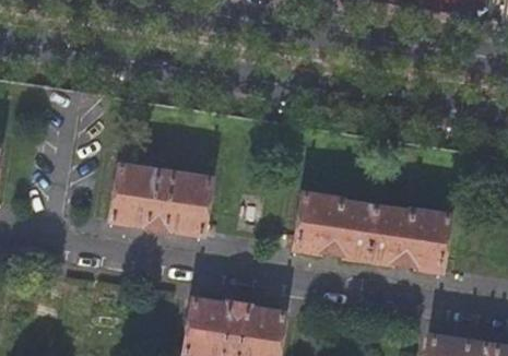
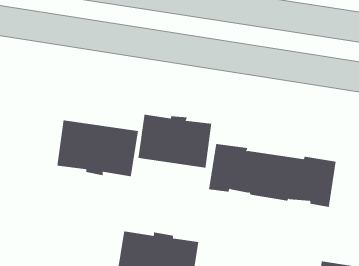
building: none -> [138,114,212,168]

